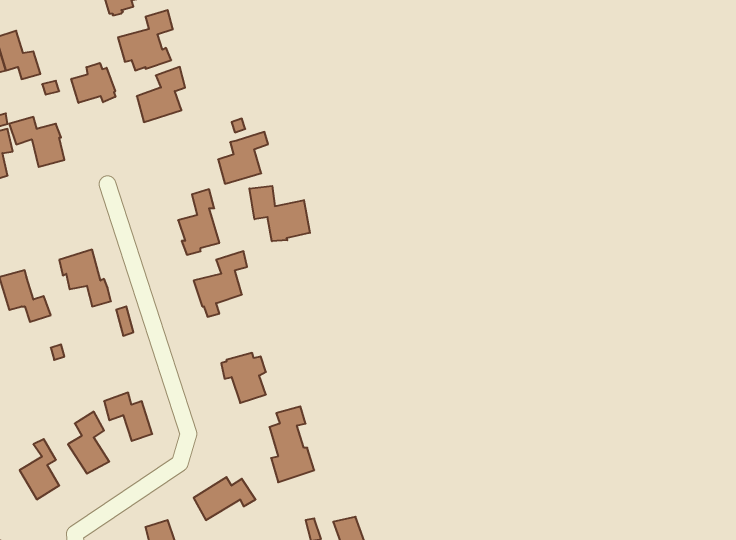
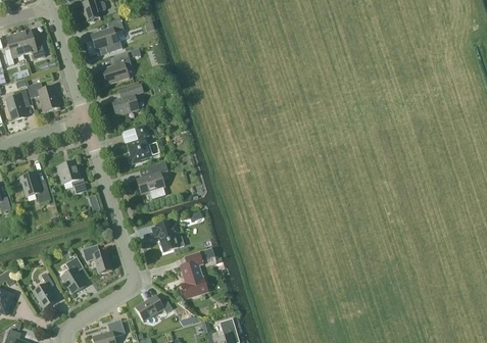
building: [71,63,115,103] -> none
building: [218,132,268,184] -> [112,85,142,115]
building: [249,186,310,241] -> none

